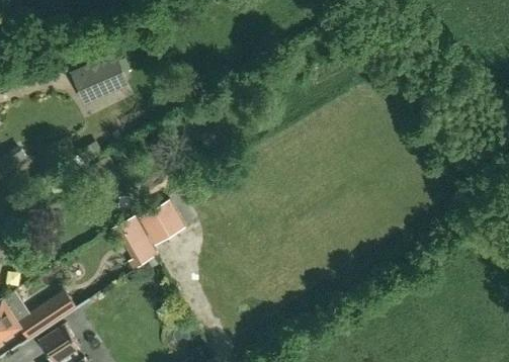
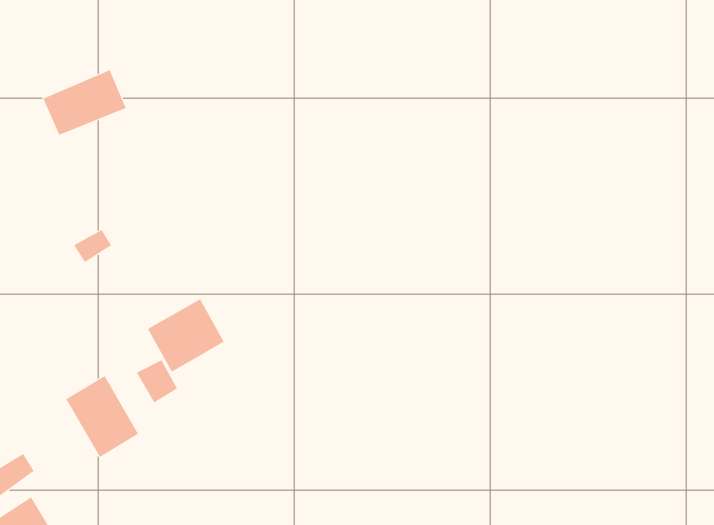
building: none -> [66,375,139,458]

